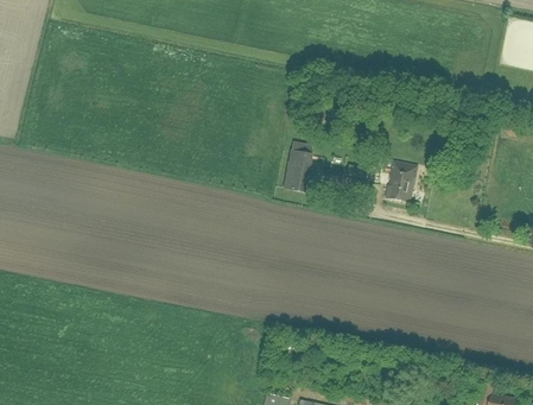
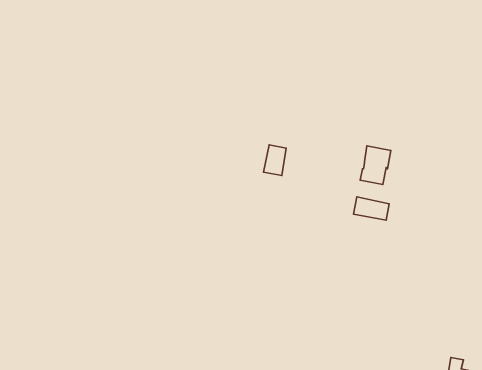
building: none -> [353,197,389,220]

